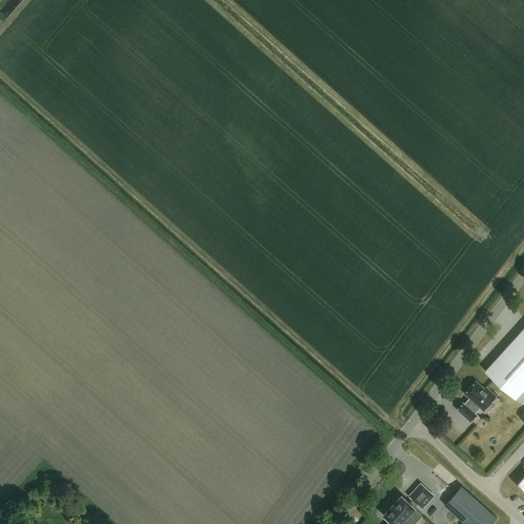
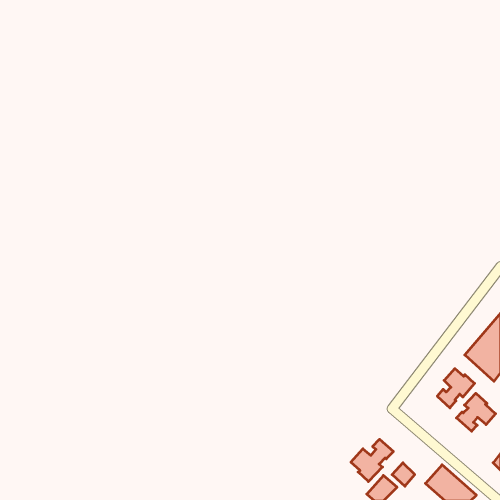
building: none -> [456,393,496,431]
building: none -> [351,439,393,482]

